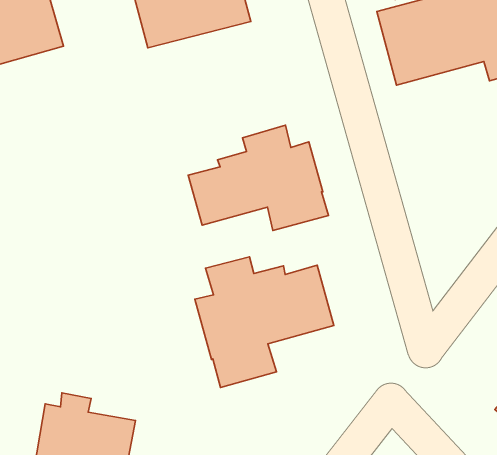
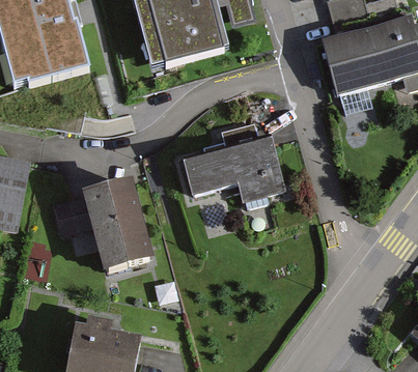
building: none -> [55,184,151,275]
building: [195,257,334,388] -> none

